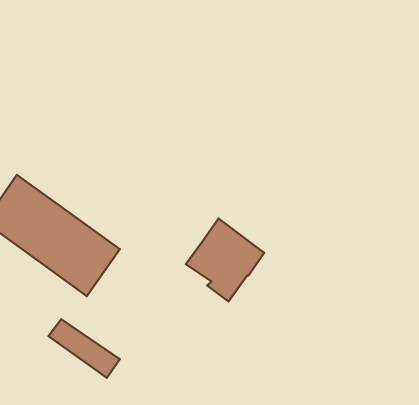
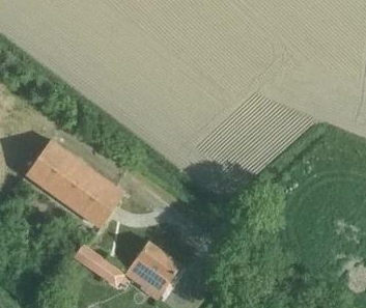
building: [186,218,264,301] -> [123,240,180,300]

